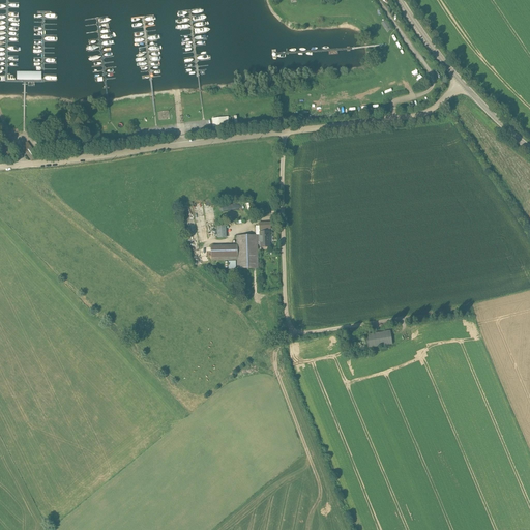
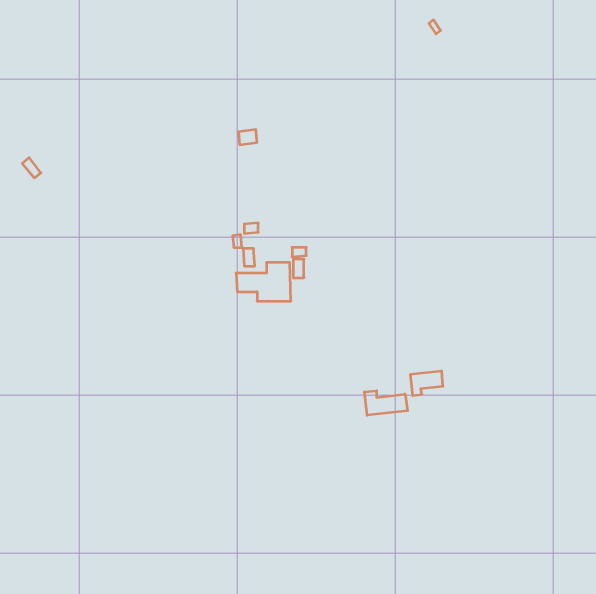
building: none -> [364,391,408,415]

